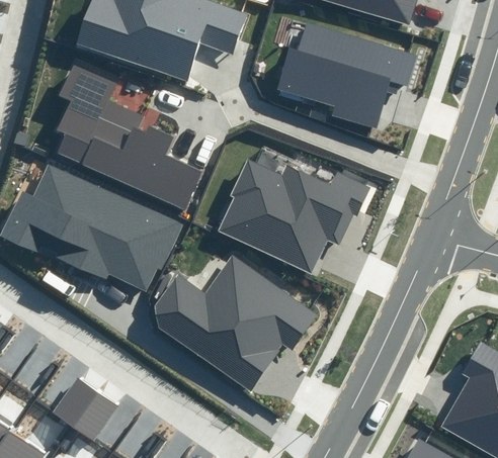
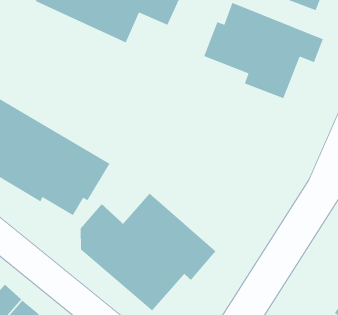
building: [55,55,200,208] -> none
building: [219,160,372,273] -> none

